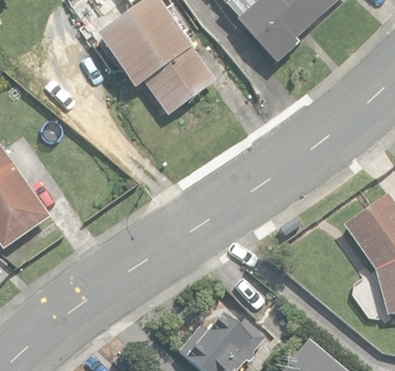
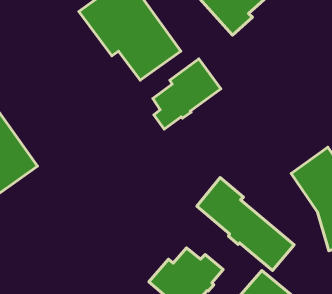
building: none -> [153,59,221,129]
building: none -> [197,178,294,271]

